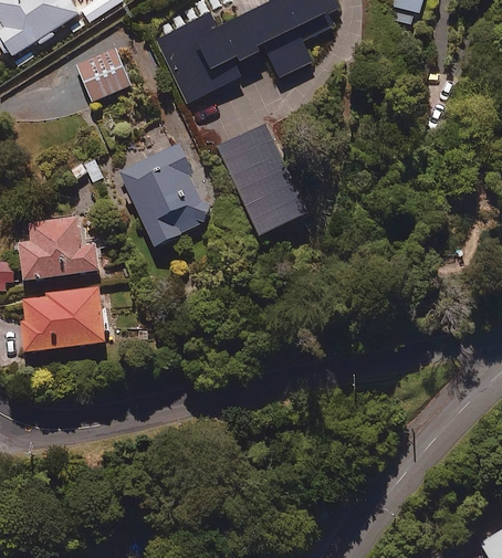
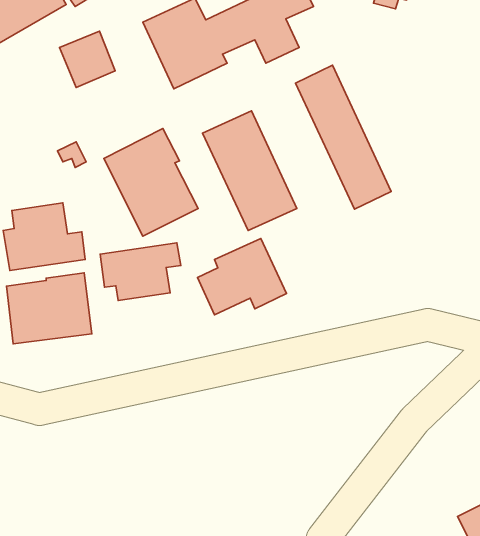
building: none -> [296,65,391,209]
building: none -> [198,239,286,315]
building: none -> [100,243,181,300]

